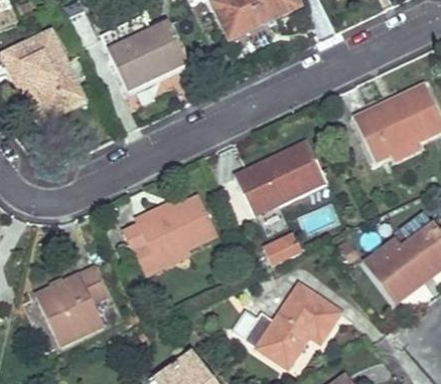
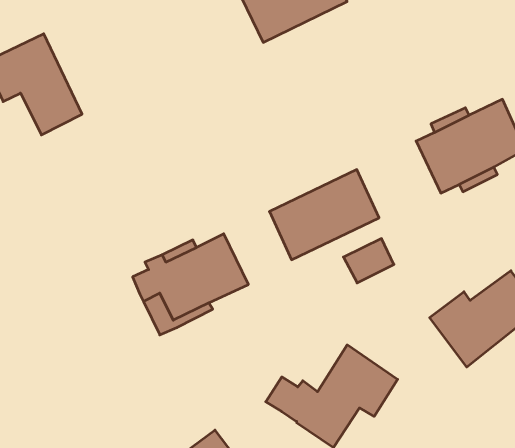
building: [101,16,187,89] -> none
building: [261,229,302,265] -> [343,239,394,283]
building: [35,265,107,345] -> none

